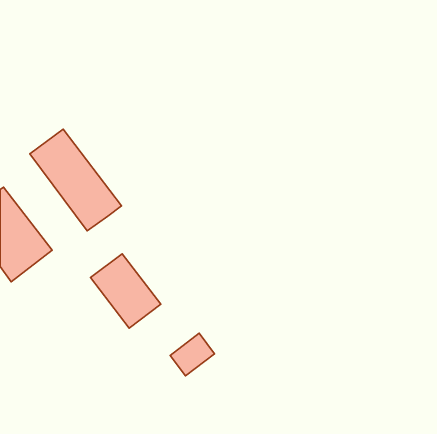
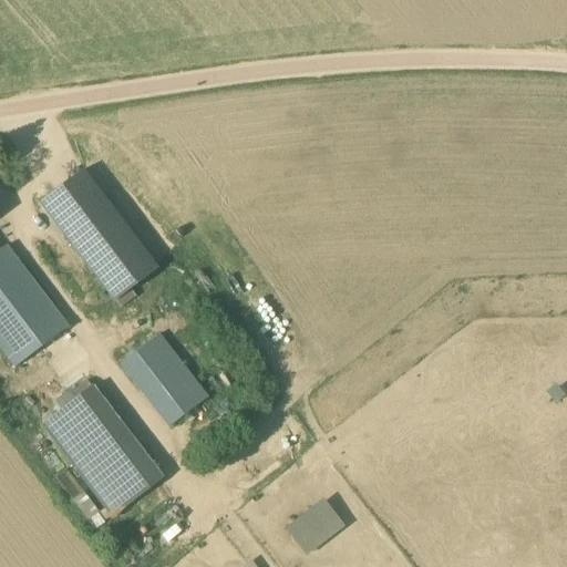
building: none -> [42,384,162,514]
building: [170,333,215,376] -> [285,496,342,551]

